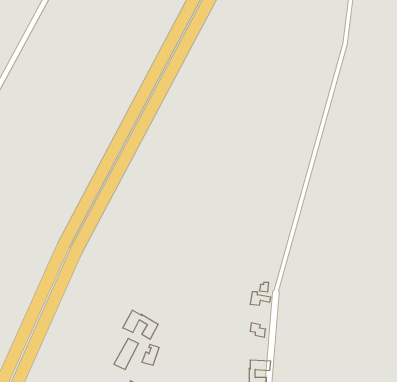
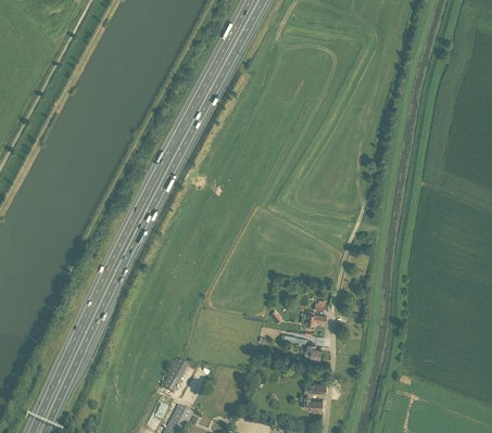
building: [123,310,158,339] -> none

